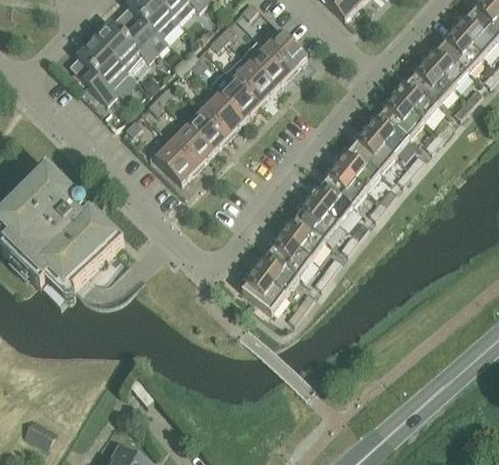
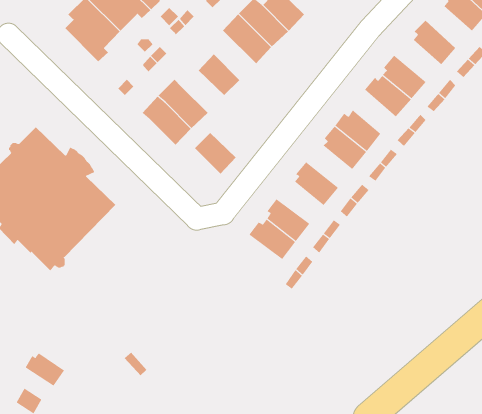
building: [424,47,469,88] -> none
building: [211,70,260,119] -> none
building: [393,80,440,121] -> none
building: [189,110,230,151] -> [194,132,236,174]
building: [354,128,396,171] -> none
building: [308,183,354,224] -> none
building: [280,218,326,259] -> none
building: [243,269,286,312] -> none
building: none -> [25,352,65,386]

